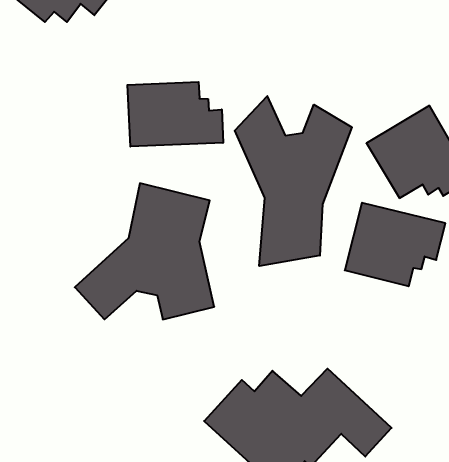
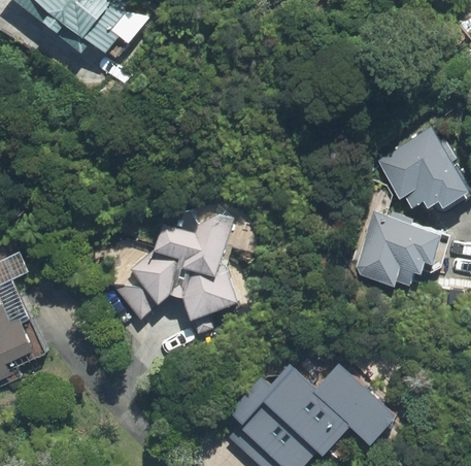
building: [127,82,223,147] -> none
building: [235,96,352,266] -> none

